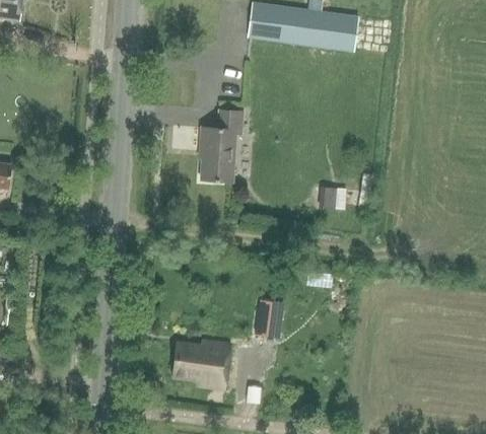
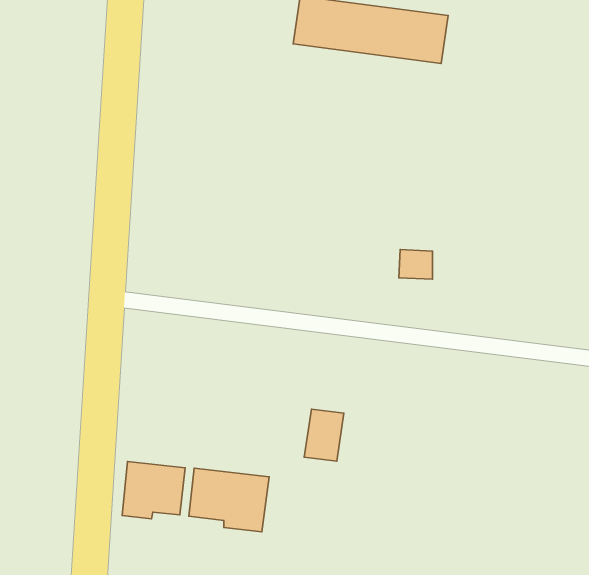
building: [200,110,242,182] -> none
building: none -> [122,461,185,519]

